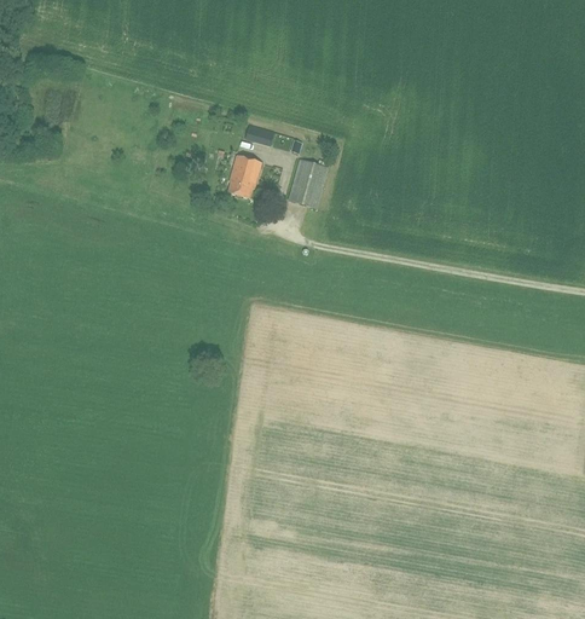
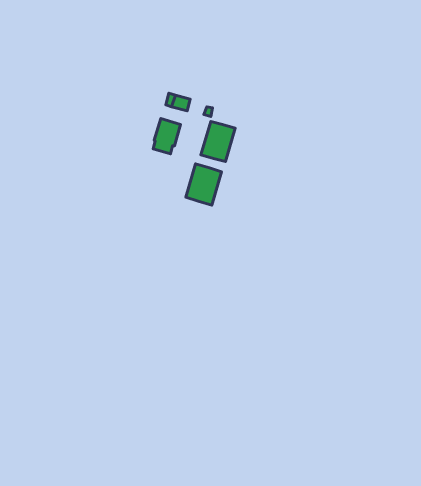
building: none -> [186,164,222,205]

